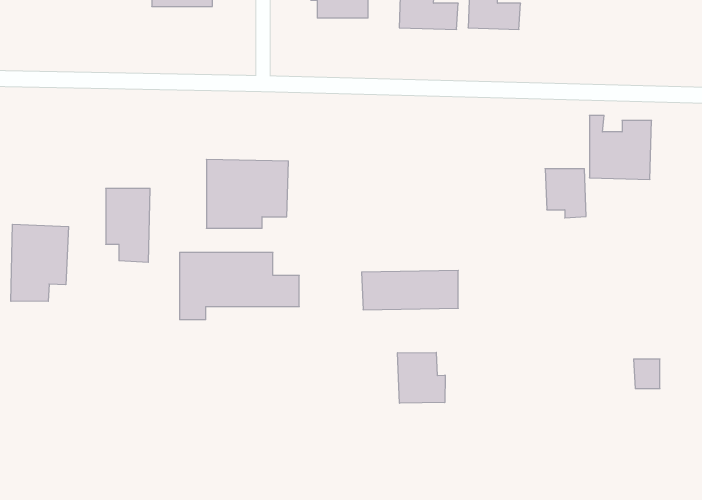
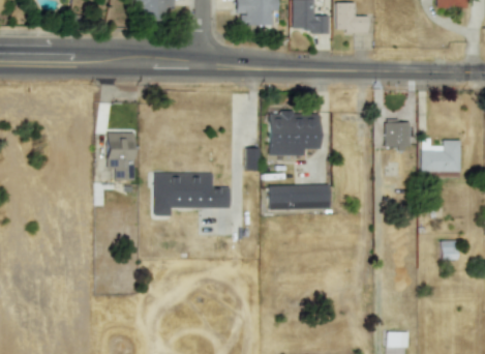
building: [589,115,652,179] -> [422,137,461,177]
building: [206,159,288,228] -> [269,112,321,155]
building: [11,224,69,301] -> none
building: [398,352,445,403] -> none

